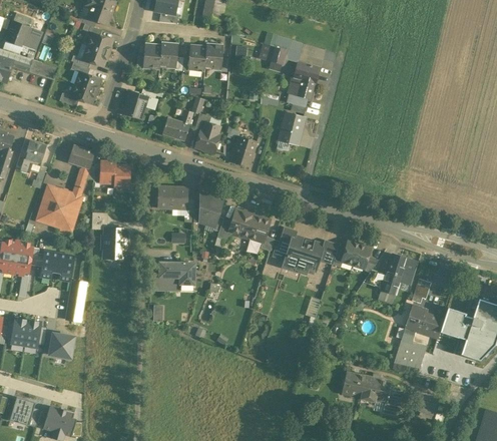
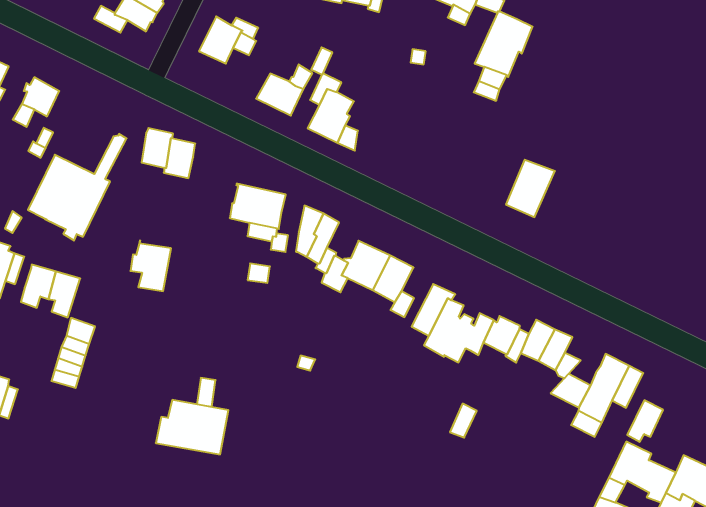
building: [279,112,305,145] -> [506,160,555,217]
building: [230,136,256,167] -> none
building: [67,144,94,168] -> none
building: [153,262,193,290] -> [156,400,228,454]
building: [48,330,76,359] -> none

